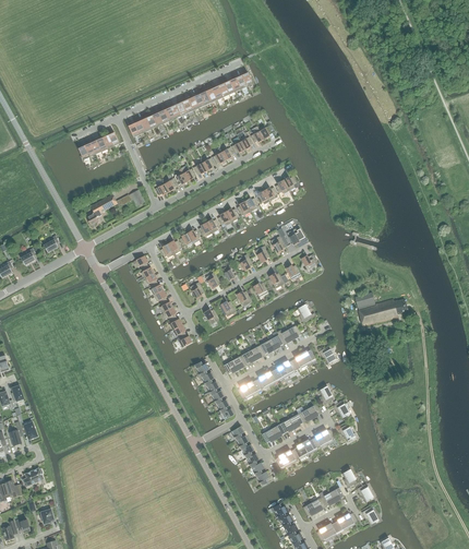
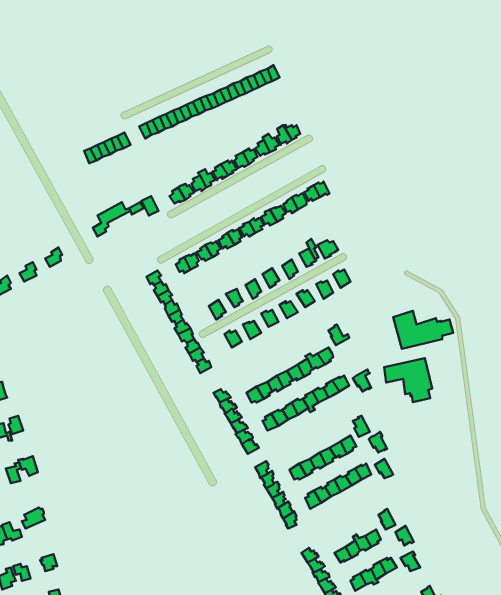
building: none -> [384,358,432,402]

